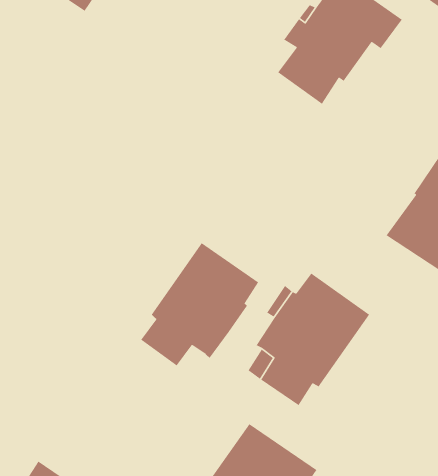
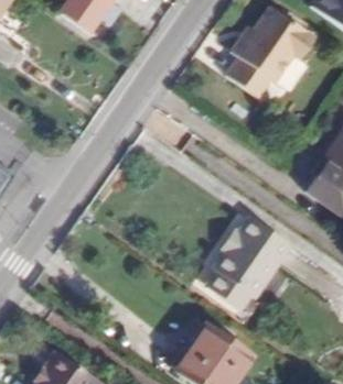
building: [140,242,259,366] -> none

